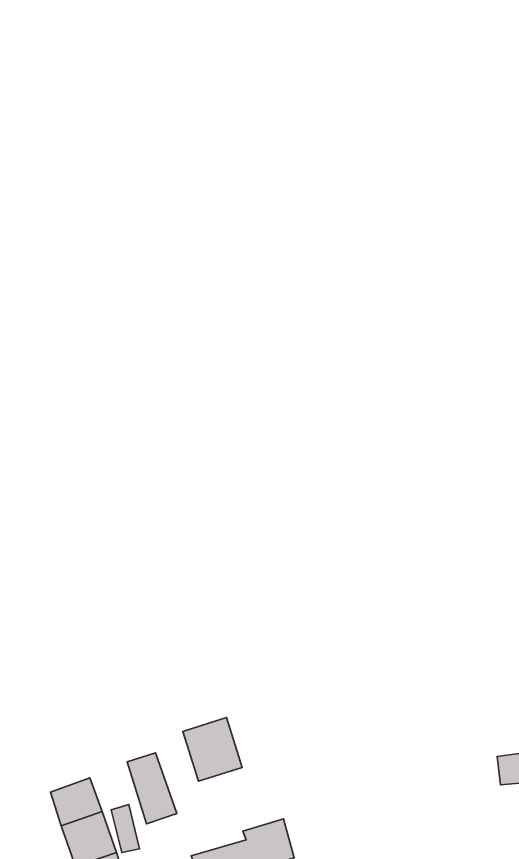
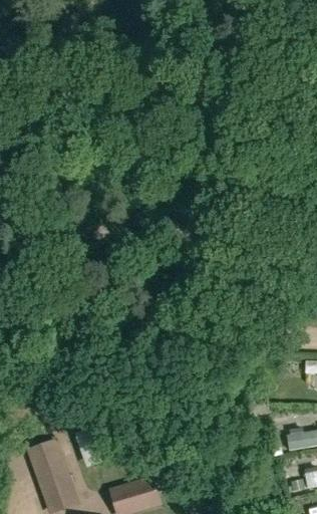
building: [183,718,242,781] -> none

